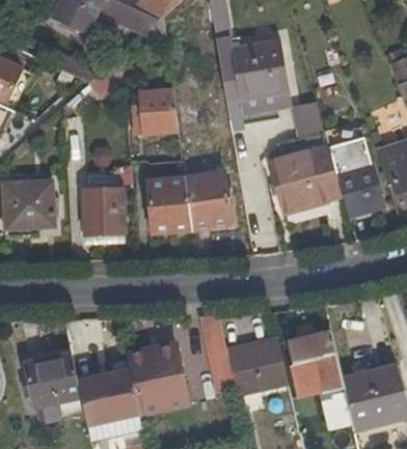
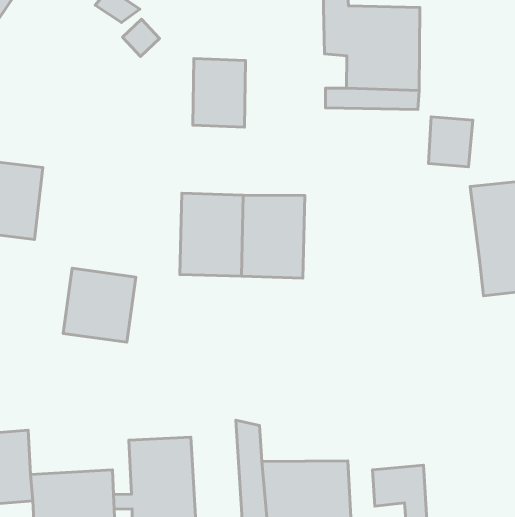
building: [265,143,342,212] -> none
building: [83,190,126,233] -> [63,268,136,342]

